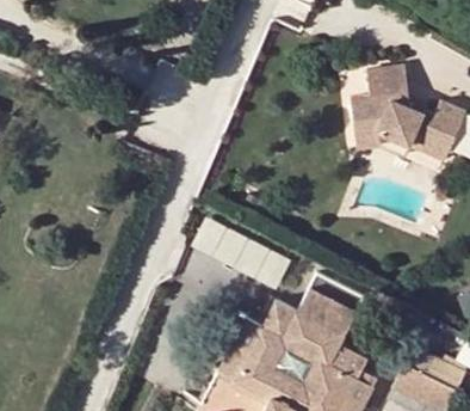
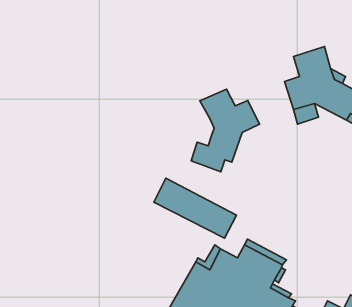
building: none -> [191,89,260,172]

